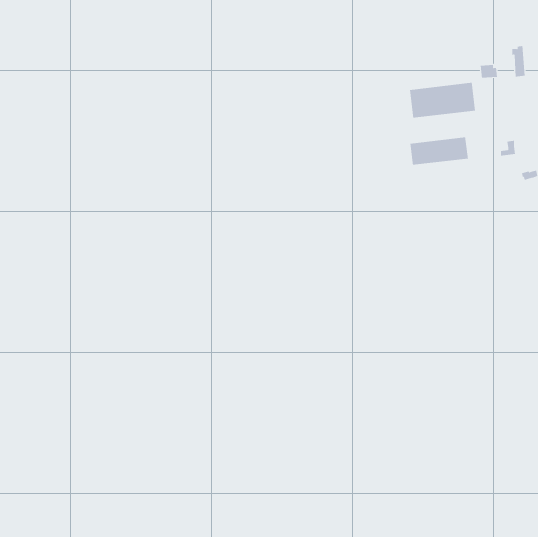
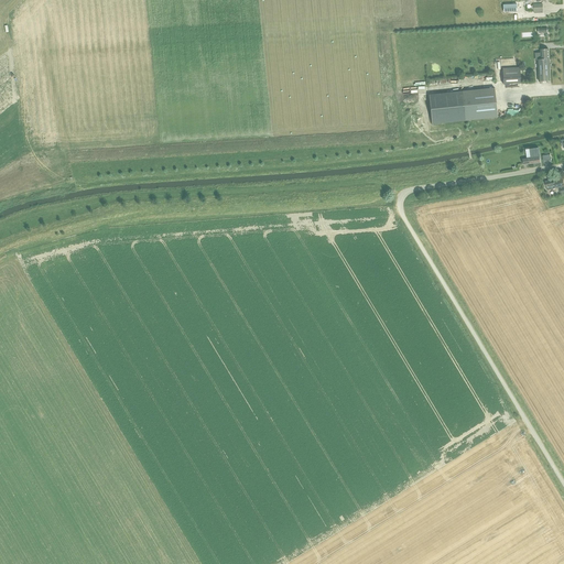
building: [410,137,468,166] -> none

